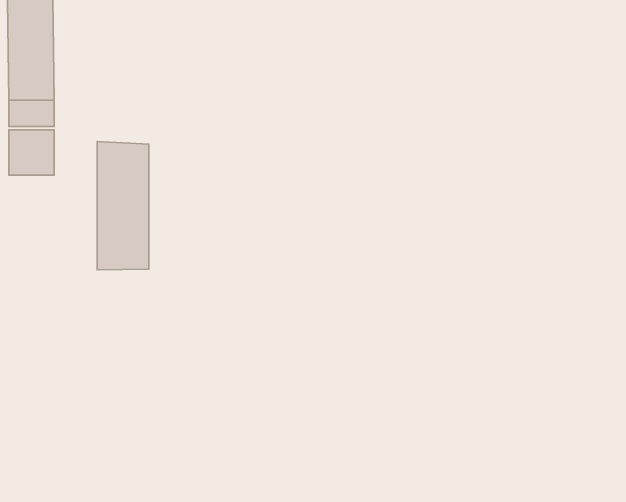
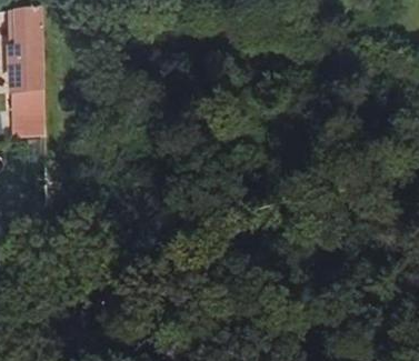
building: [97,141,149,270] -> none

